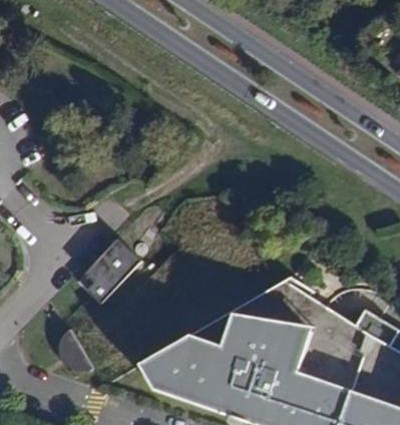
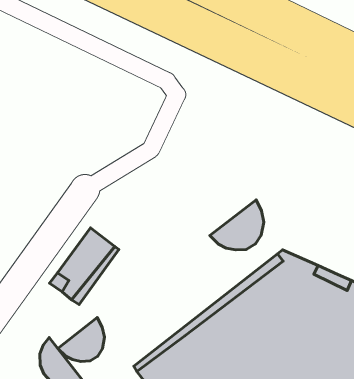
building: none -> [210,200,264,250]
building: none -> [58,317,104,361]

